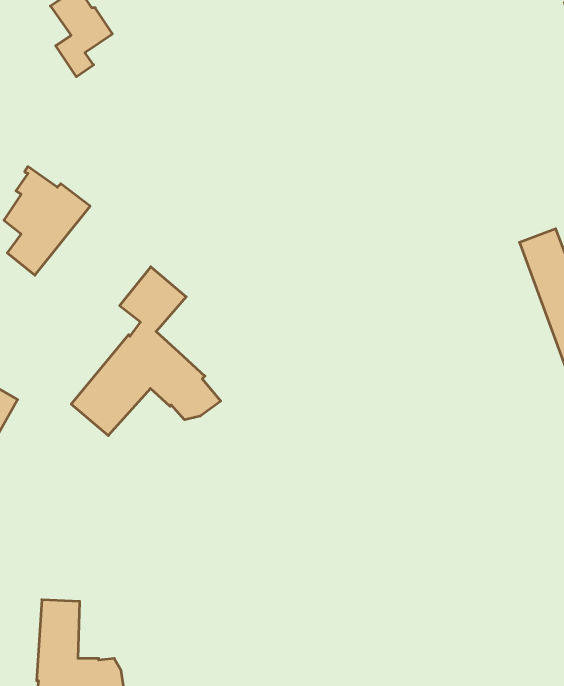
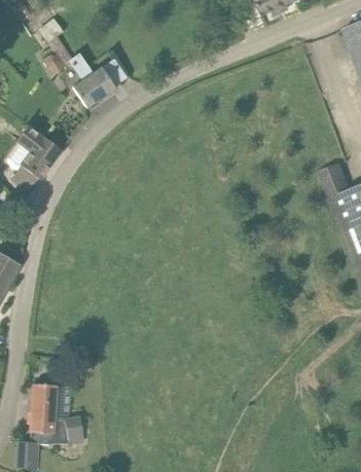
building: none -> [70,53,117,107]
building: [71,267,221,436] -> none

